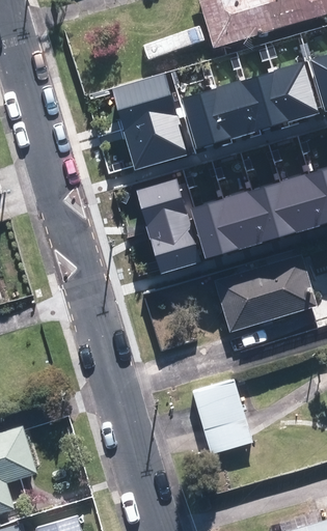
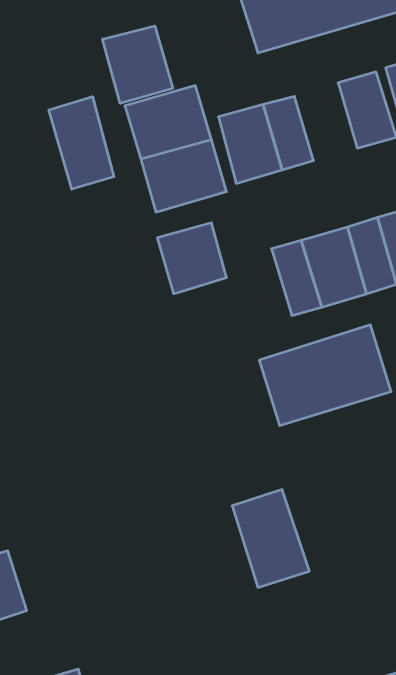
building: none -> [103,26,173,103]
building: [241,71,289,130] -> none
building: none -> [49,97,114,189]
building: [190,197,239,258] -> none
building: [148,219,201,273] -> none

